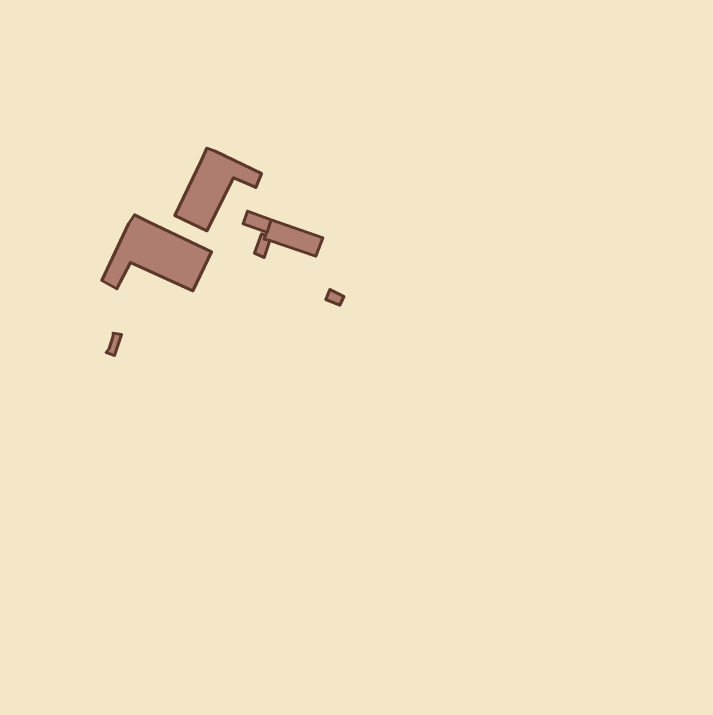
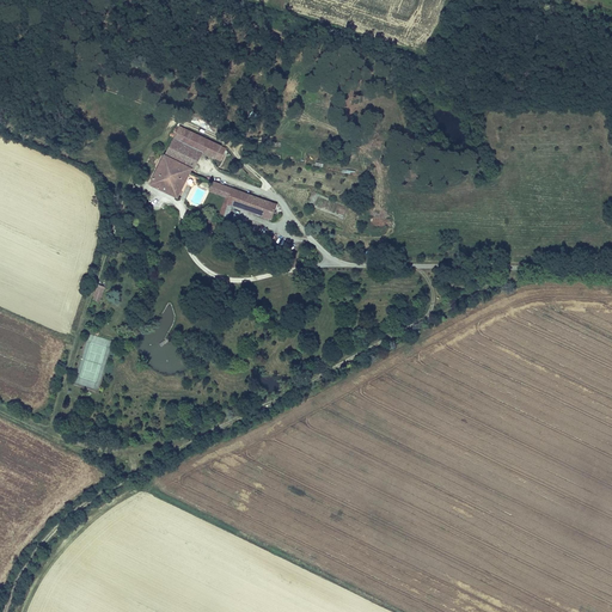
building: [102,215,212,291] -> none

